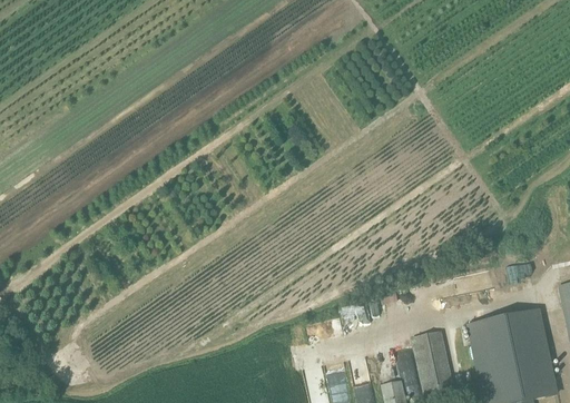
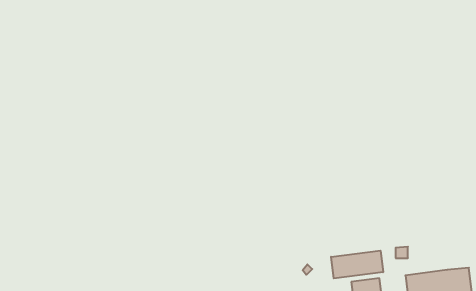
building: none -> [331,251,383,278]

